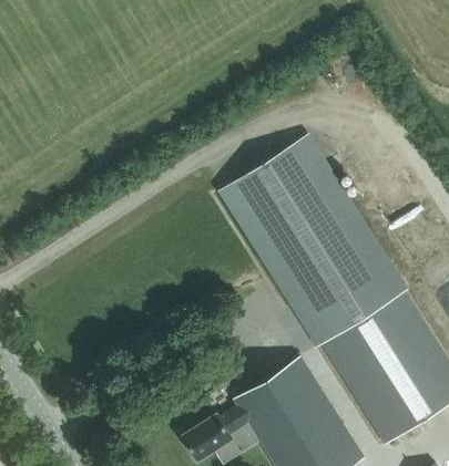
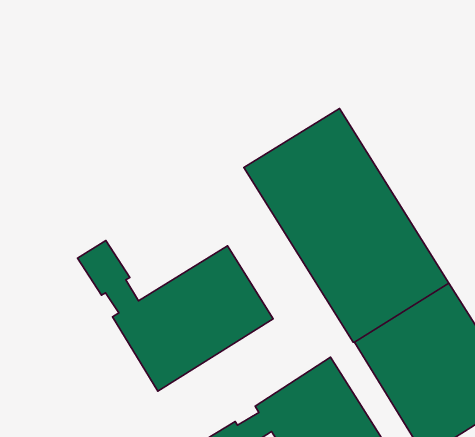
building: none -> [77,240,273,391]

